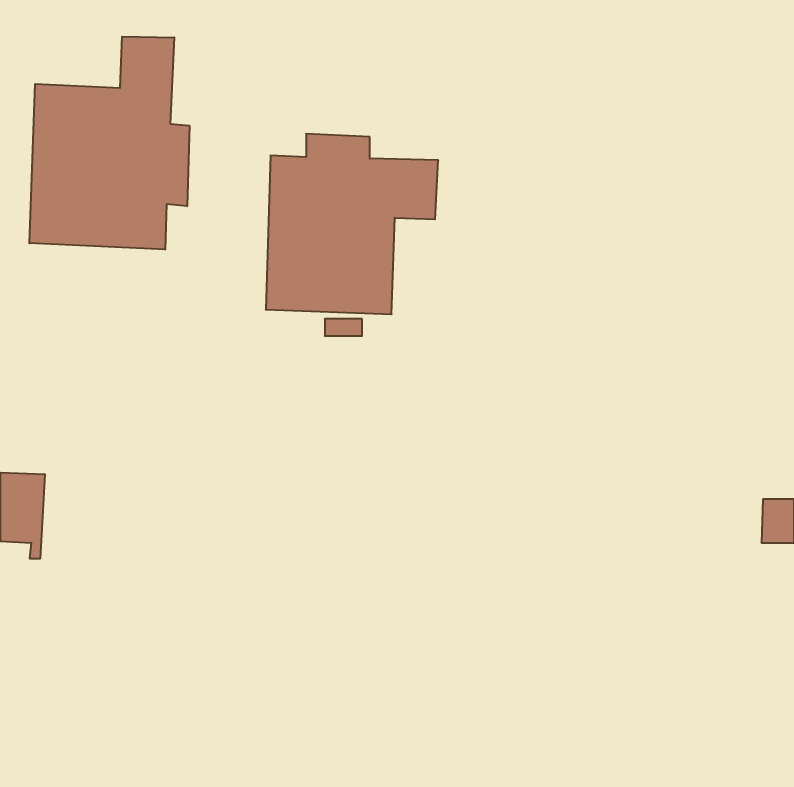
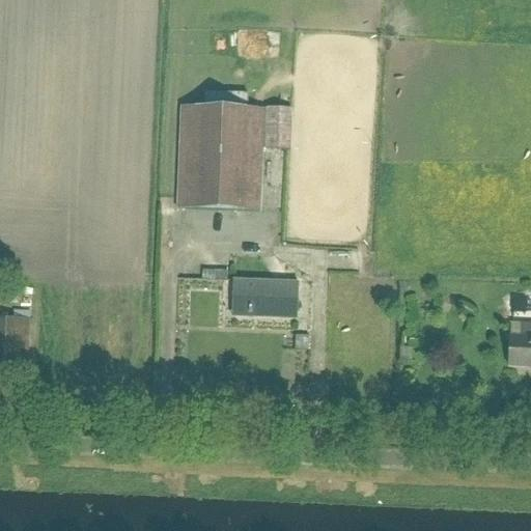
building: [29,37,189,250] -> none
building: none -> [231,276,297,313]

